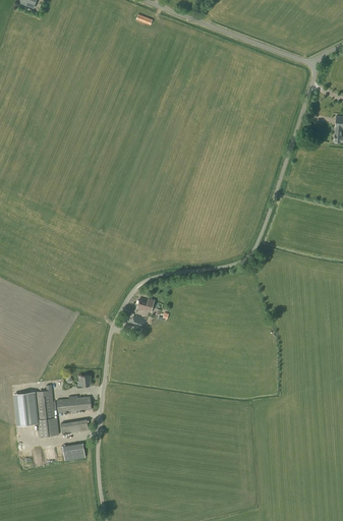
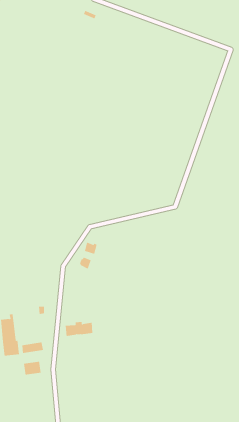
building: [56,394,91,412] -> [65,321,93,336]

